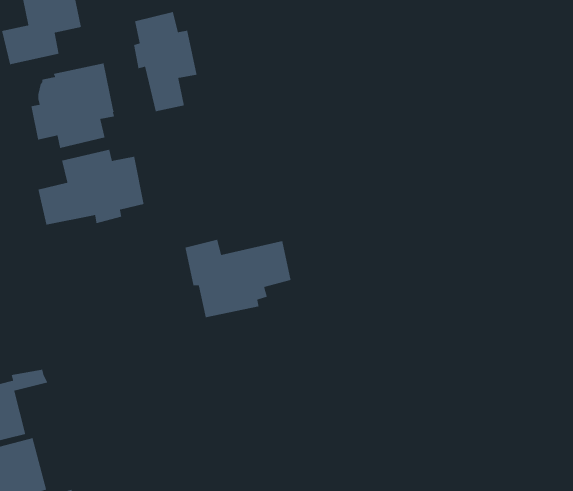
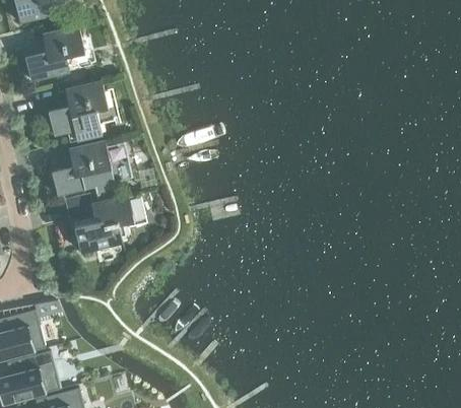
building: [133,11,198,112] -> none
building: [184,239,291,318] -> [65,193,143,251]

